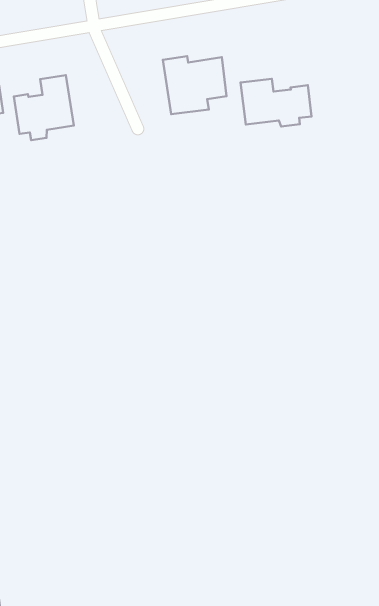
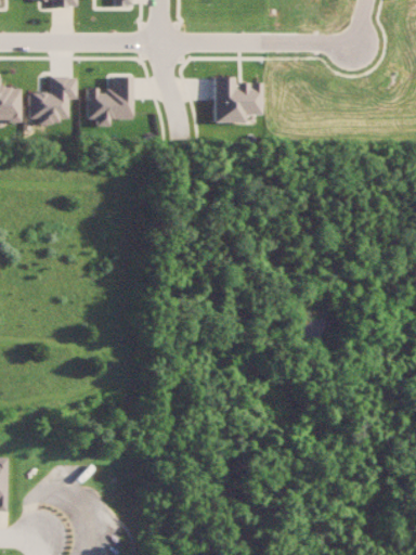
building: [241,79,312,127] -> none

